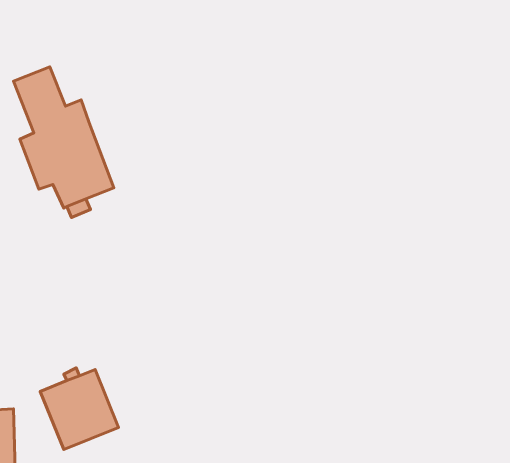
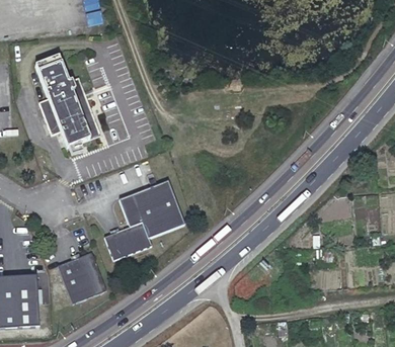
building: none -> [103,180,182,261]

